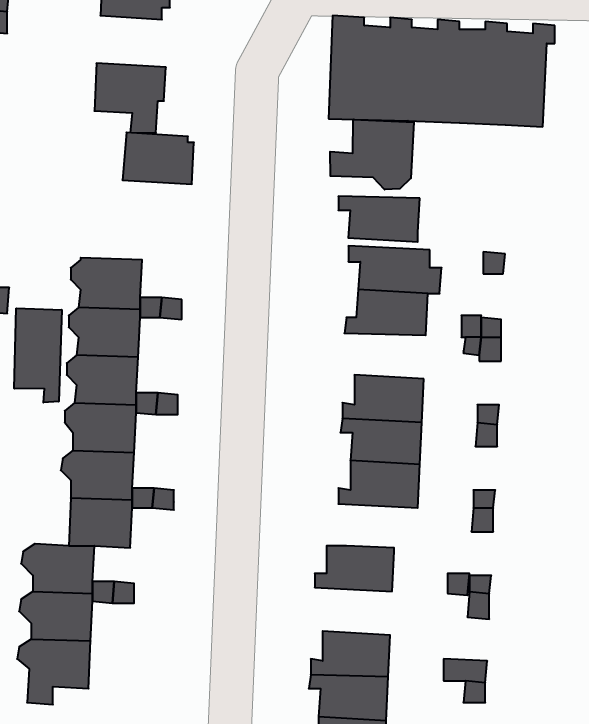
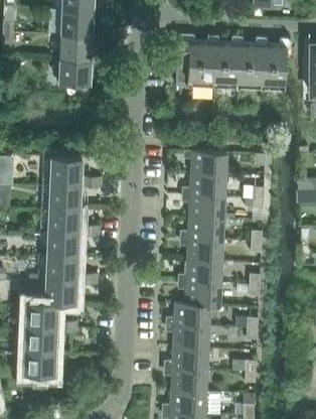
building: [330,119,414,190] -> none
building: [122,132,194,184] -> [58,34,95,60]
building: [338,196,420,242] -> [184,195,225,219]
building: [14,308,62,403] -> none
building: none -> [180,282,221,307]
building: none -> [168,324,208,348]

